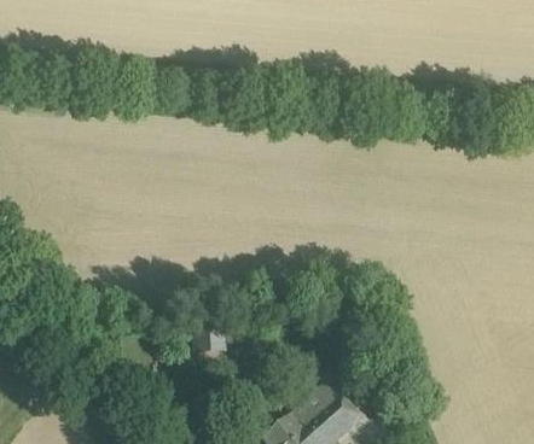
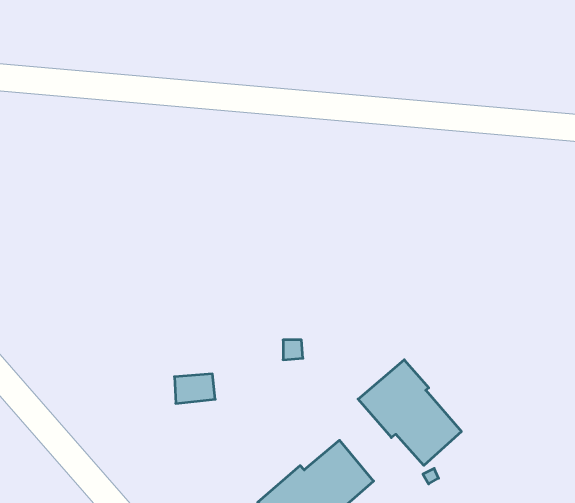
building: none -> [358,360,461,465]

